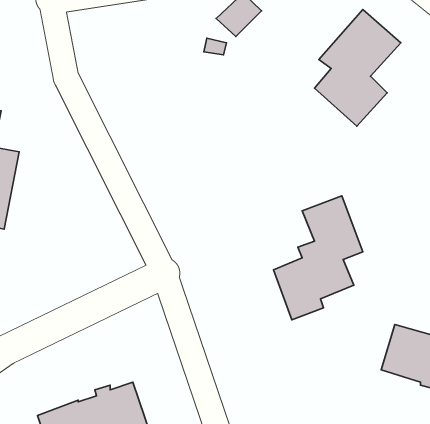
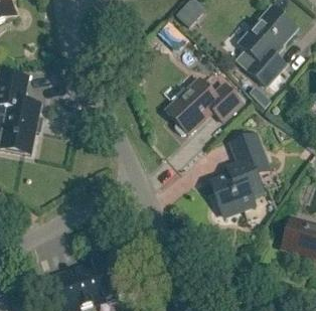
building: none -> [165,79,243,134]

